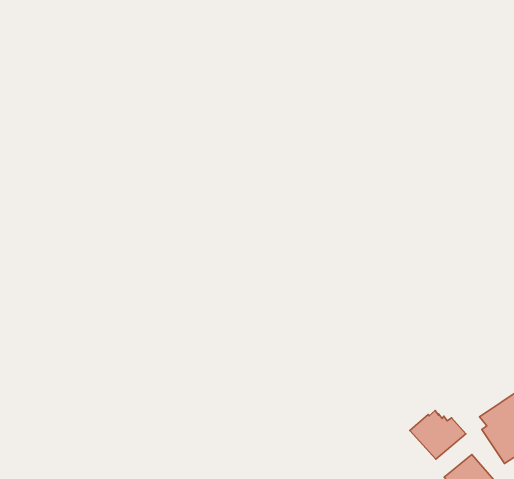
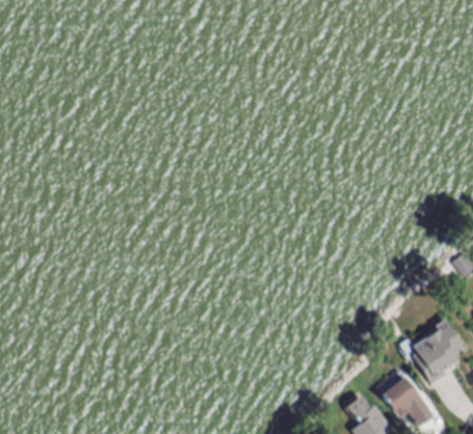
building: [410,411,466,459] -> none

